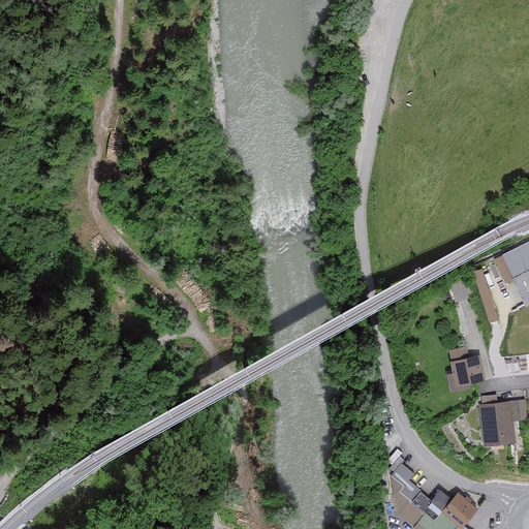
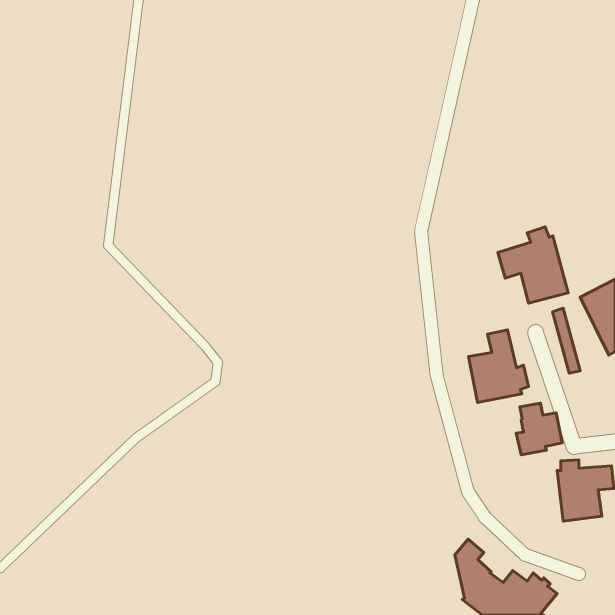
building: none -> [498,227,568,303]
building: none -> [468,330,529,403]

